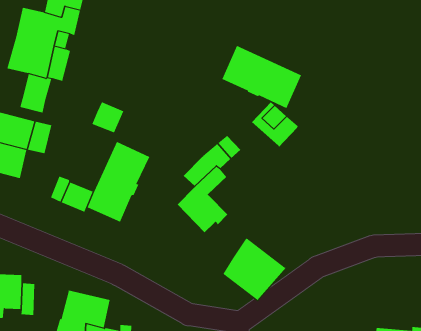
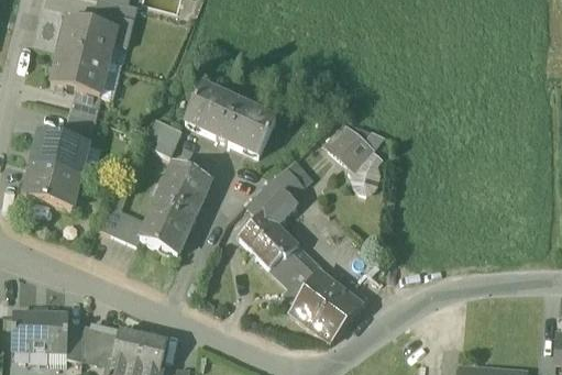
building: [221,45,302,109] -> [186,84,275,154]
building: none -> [351,148,383,192]
building: none -> [271,244,320,293]
building: none -> [81,322,119,360]

